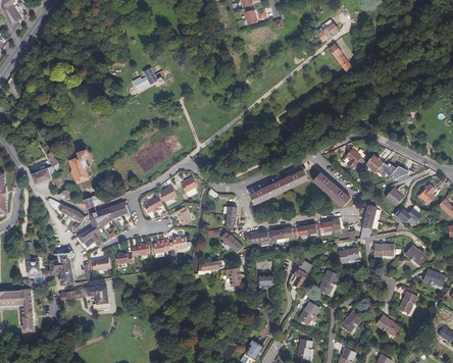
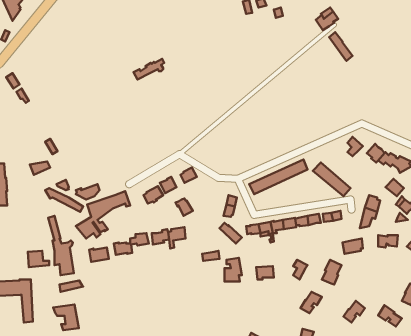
building: [68,150,89,182] -> none
building: [85,284,110,310] -> [53,305,79,330]

